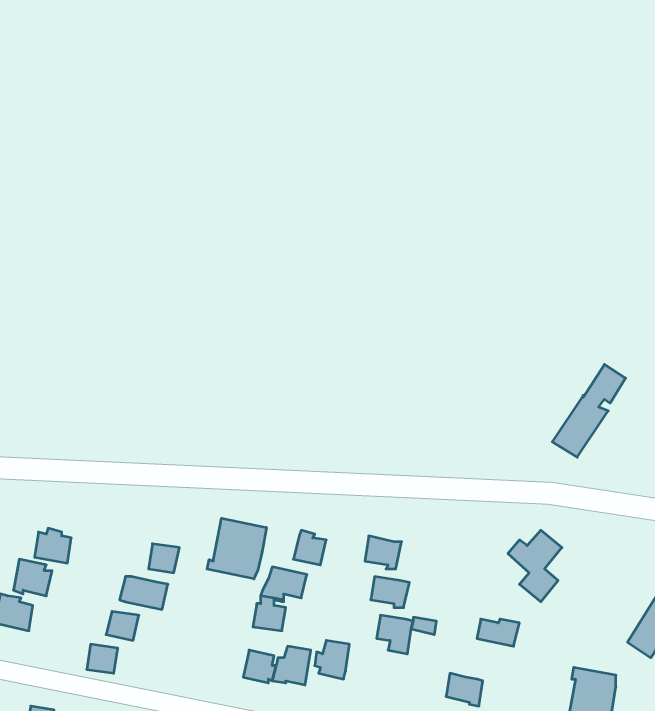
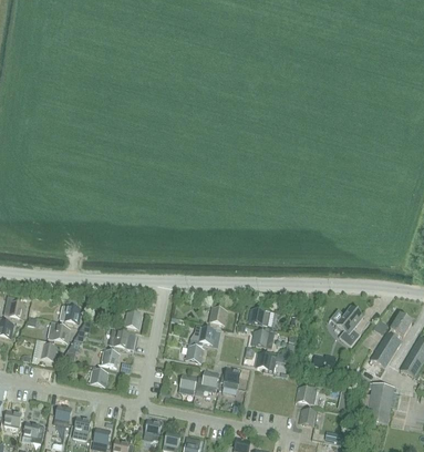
building: [552,364,626,457] -> [370,314,412,367]
building: [207,518,266,579] -> none

